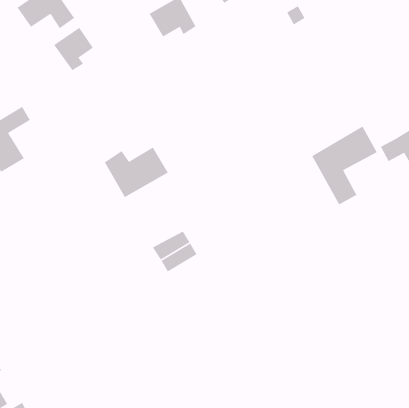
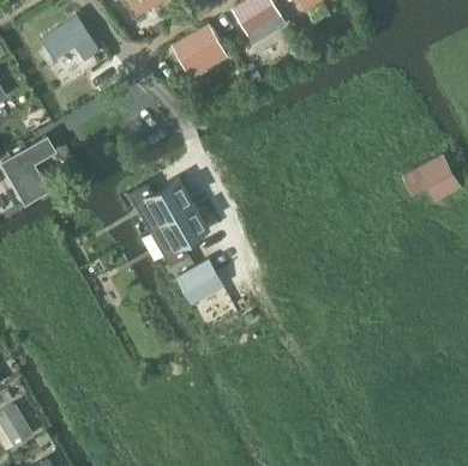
building: [53,27,94,71] -> none
building: [311,126,378,206] -> none
building: none -> [149,205,208,267]

